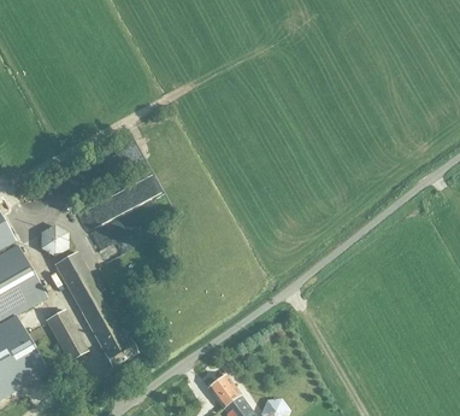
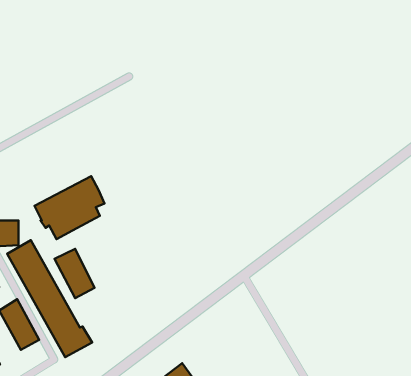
building: none -> [55,249,95,298]

